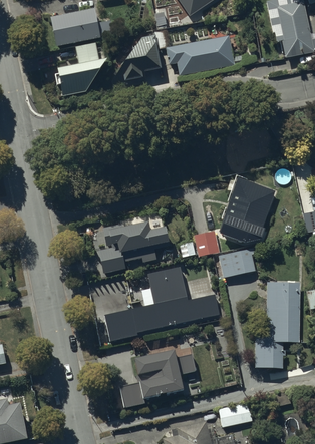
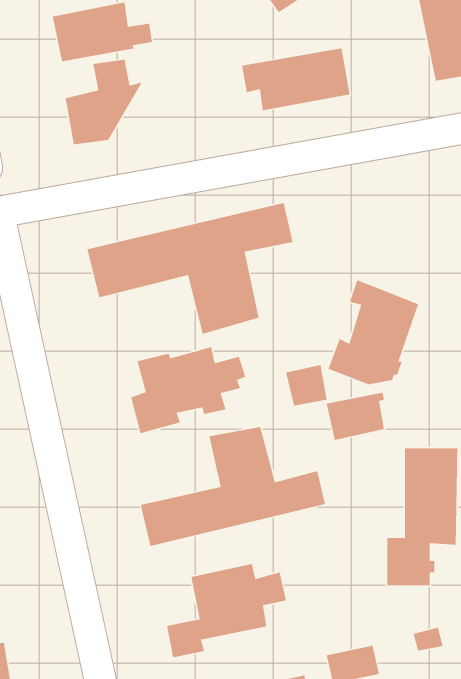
building: [112,33,163,86] -> none
building: none -> [87,202,294,335]

